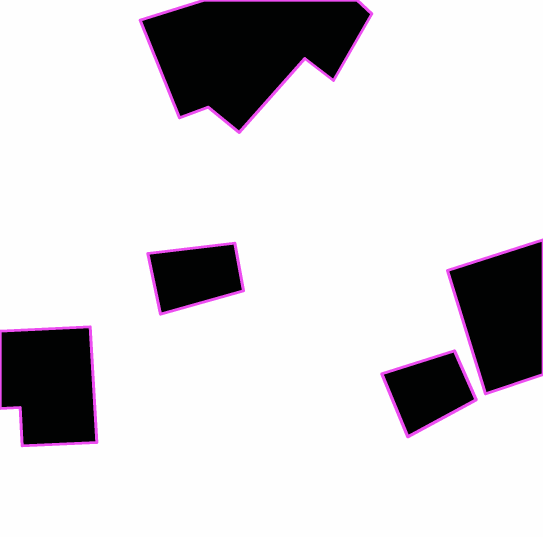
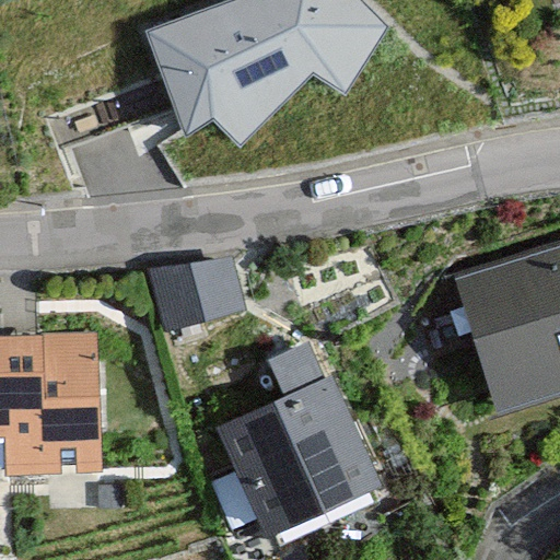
building: none -> [215,357,368,536]
building: [382,351,476,437] -> none

